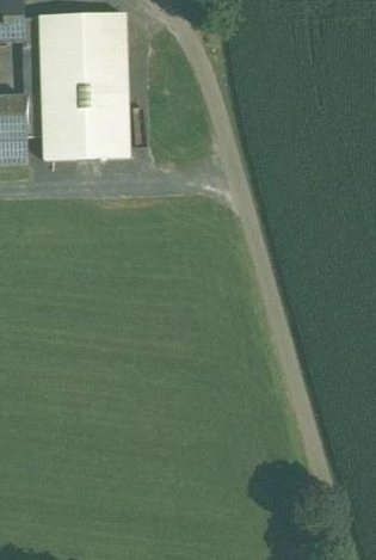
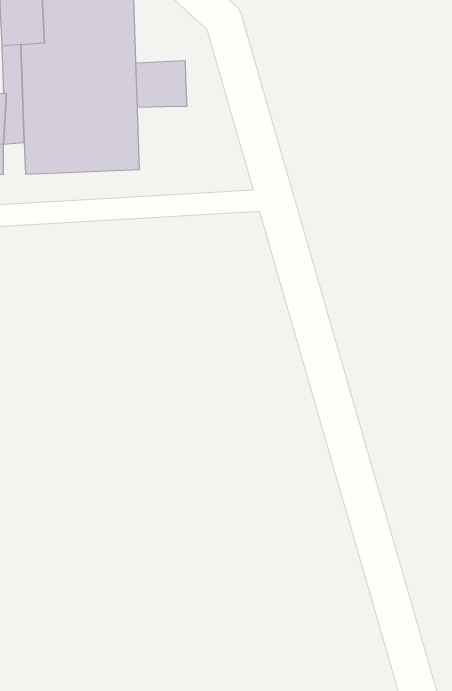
building: none -> [136,61,187,107]

